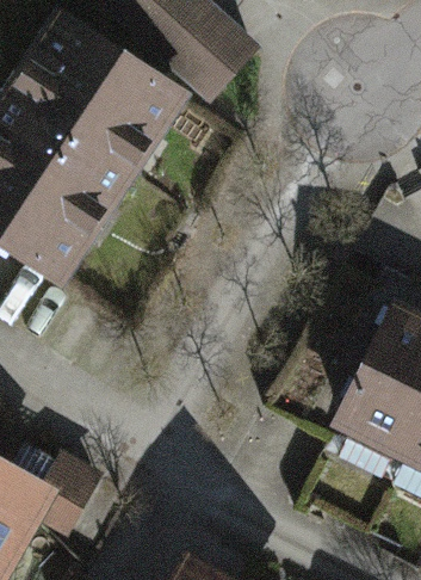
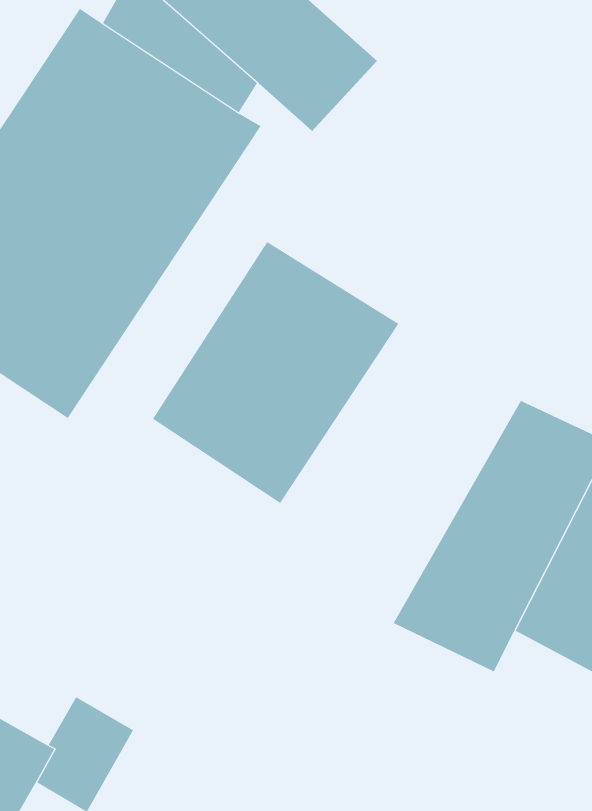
building: none -> [152,241,399,504]

